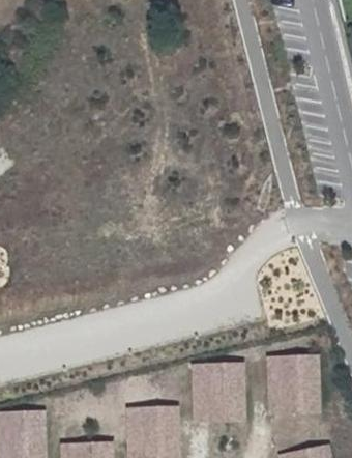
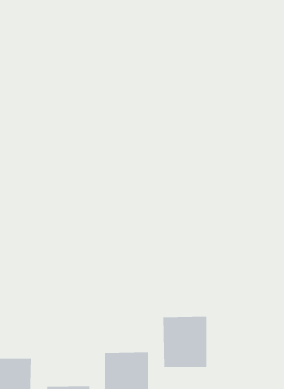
building: [269,356,320,414] -> none

